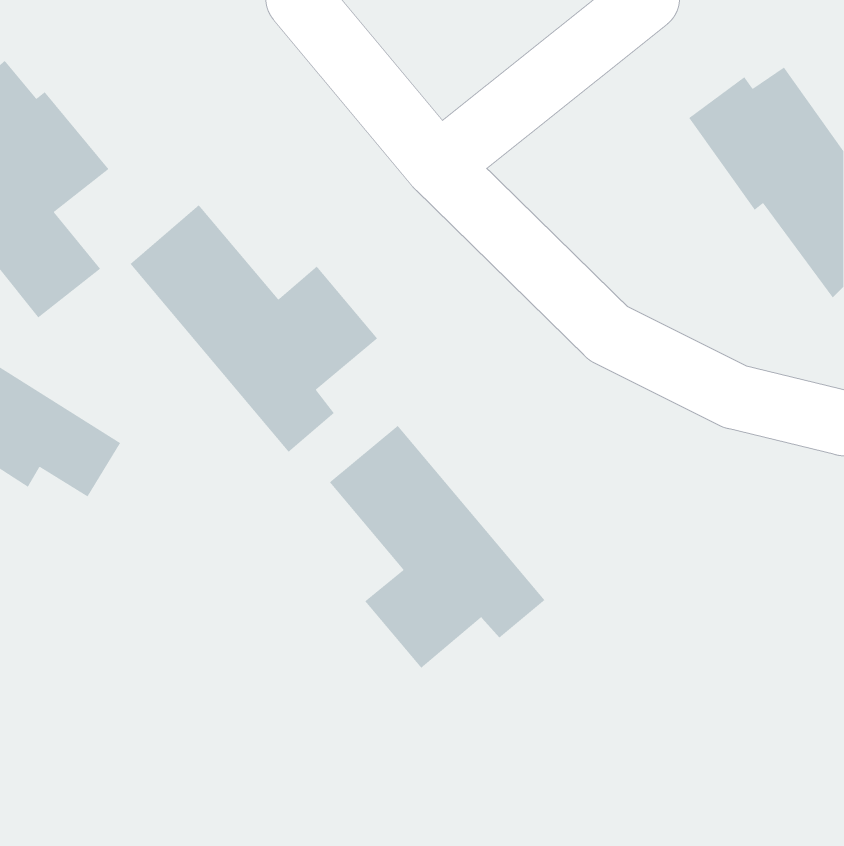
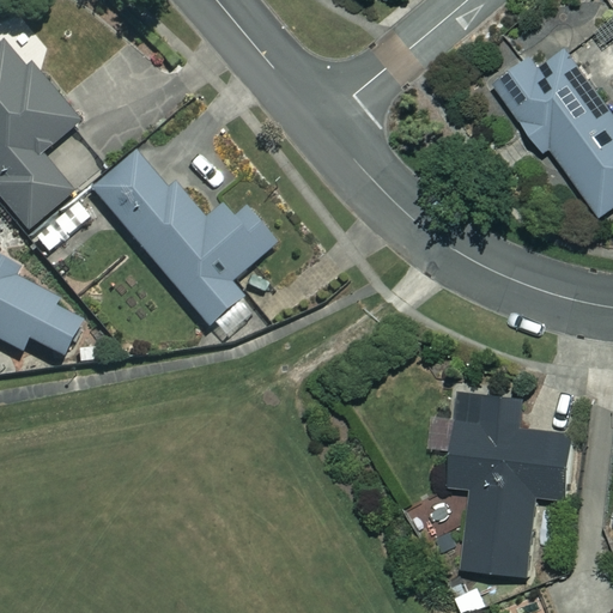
building: [329,425,546,669] -> none
building: none -> [430,390,573,575]

